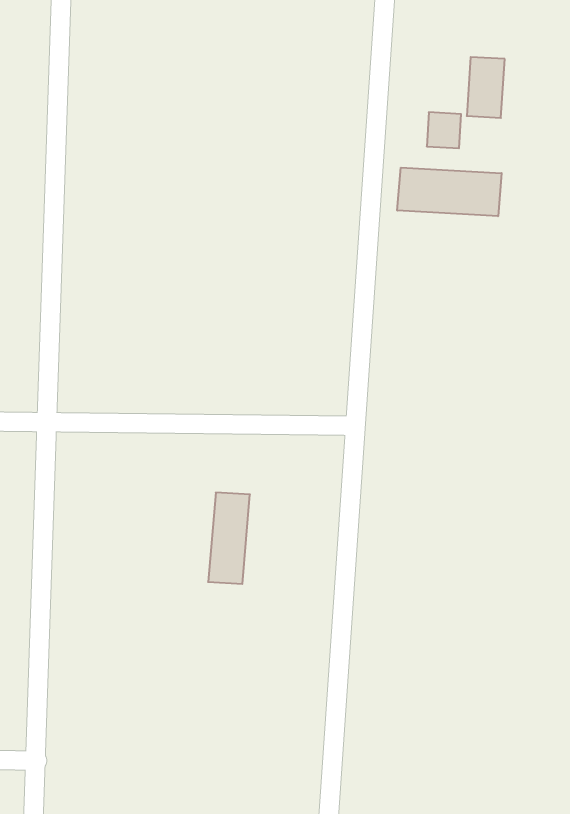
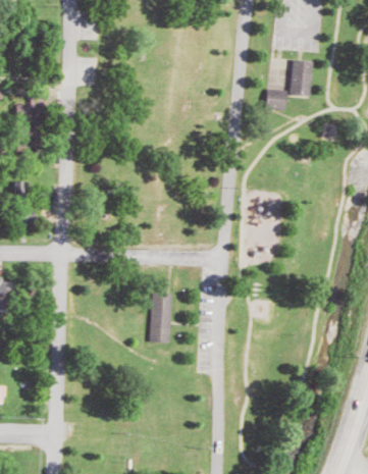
building: [397,168,502,216] -> none

